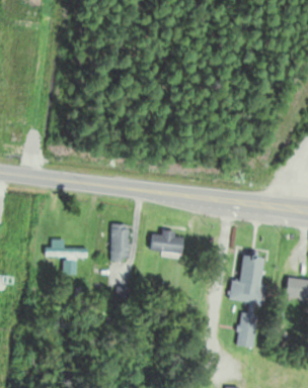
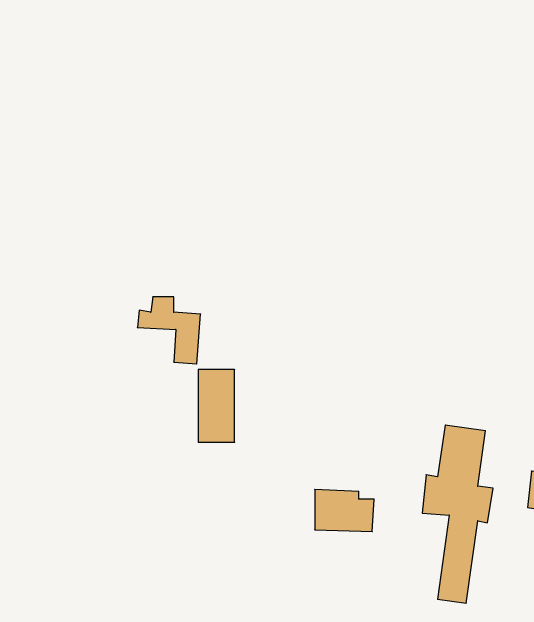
building: [152,231,183,254] -> [315,489,374,532]
building: [45,239,78,275] -> [137,297,201,364]

